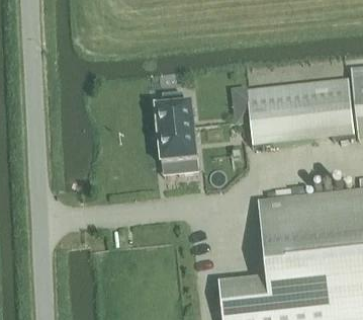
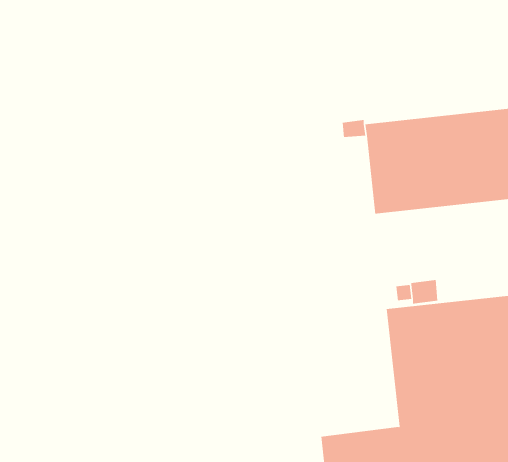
building: [155,91,198,172] -> none

